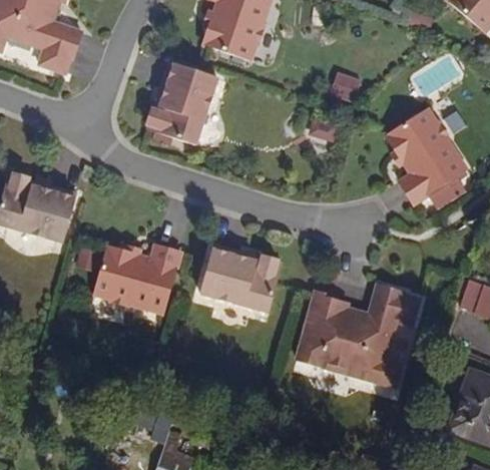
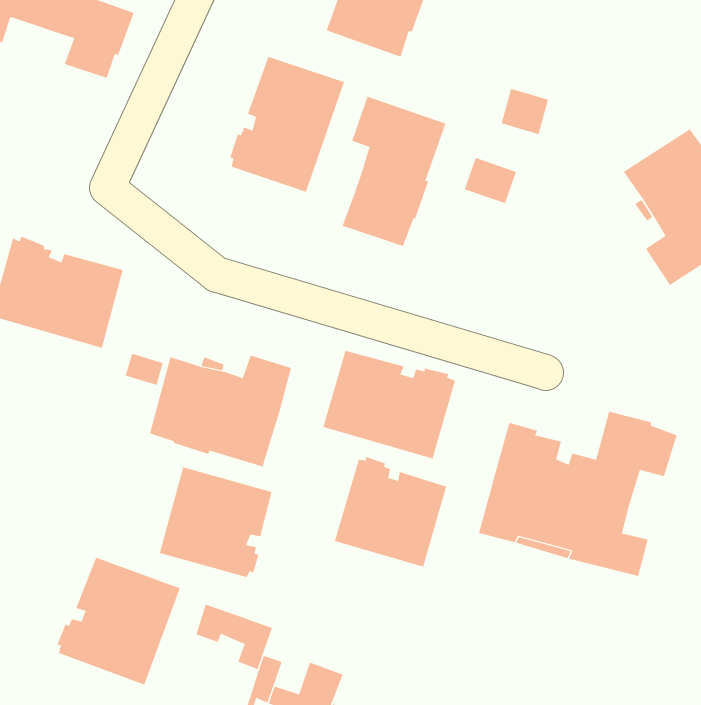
building: none -> [342,96,446,247]
building: none -> [334,456,447,567]
building: none -> [159,466,272,578]
building: none -> [56,557,181,686]

